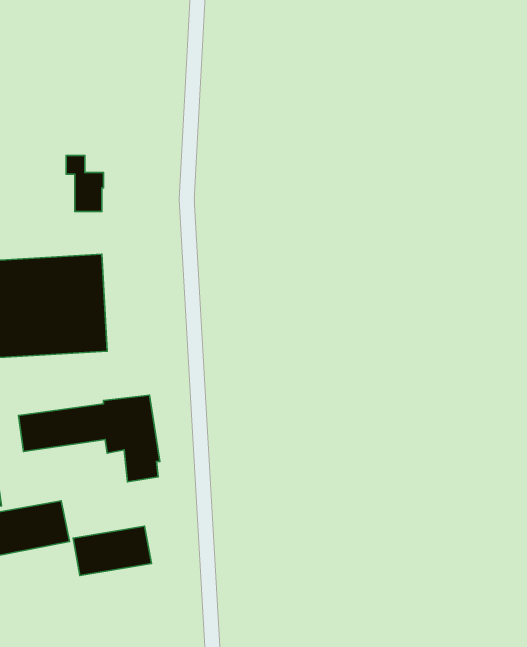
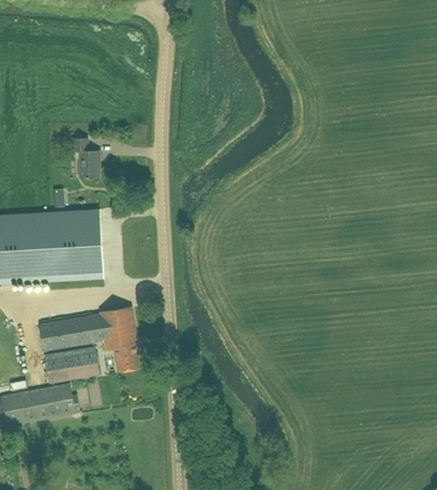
building: [73,526,151,575] -> [44,347,99,382]

